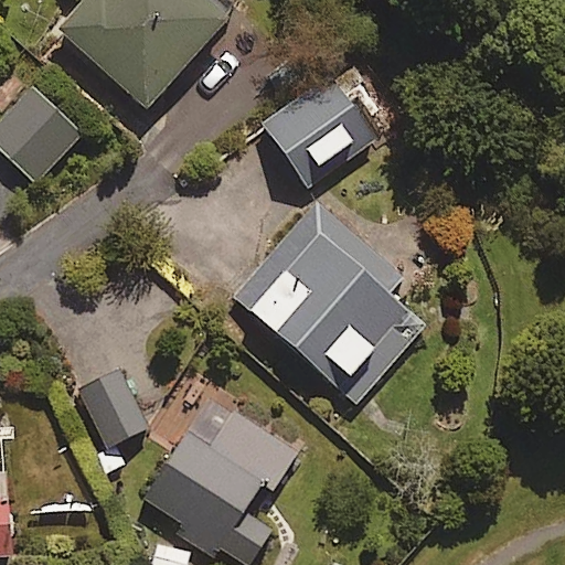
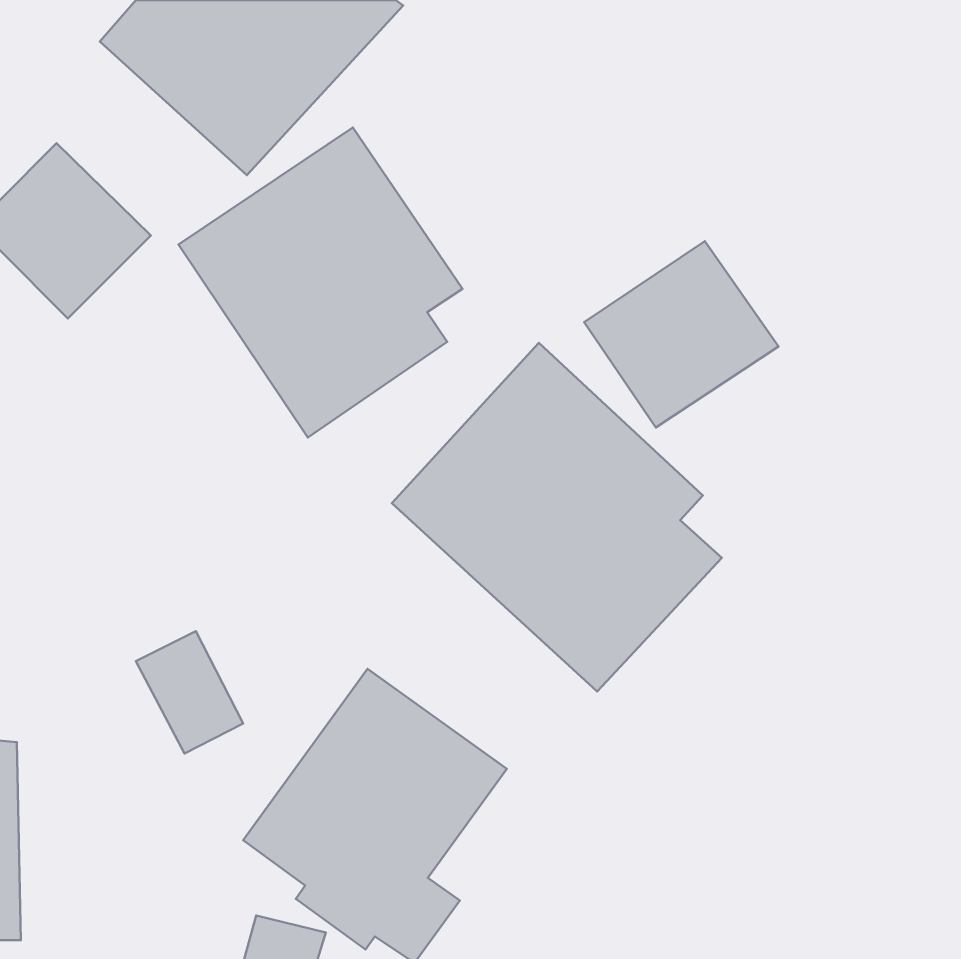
building: [262,73,375,182] -> [584,241,778,428]
building: none -> [178,127,462,437]

